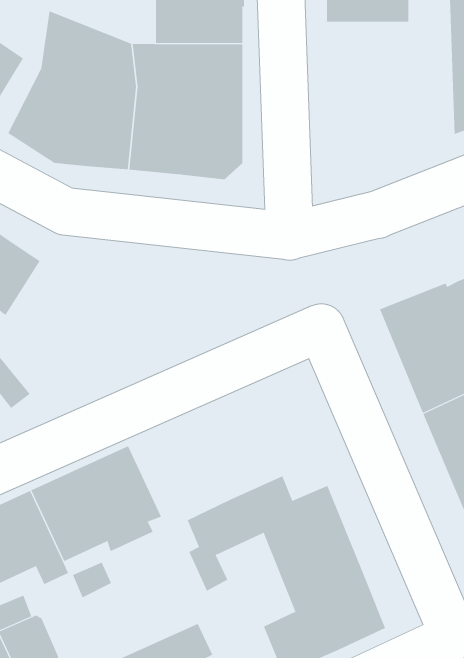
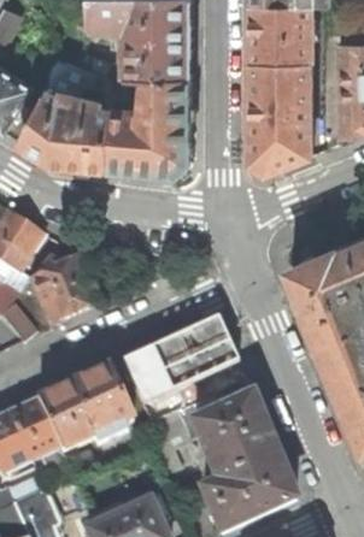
building: none -> [248,63,310,175]
building: none -> [28,258,96,326]
building: none -> [119,318,234,407]

